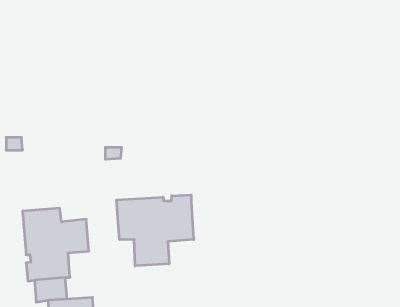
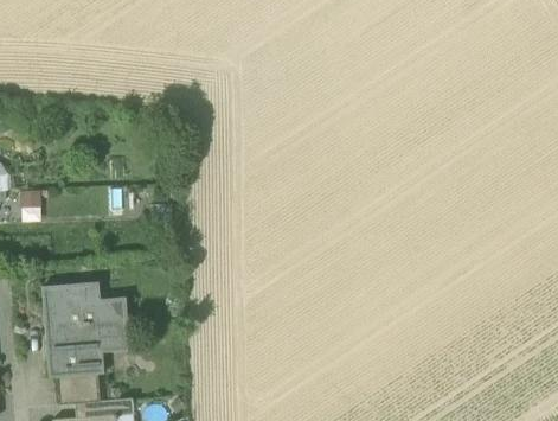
building: [117,195,194,266] -> none

